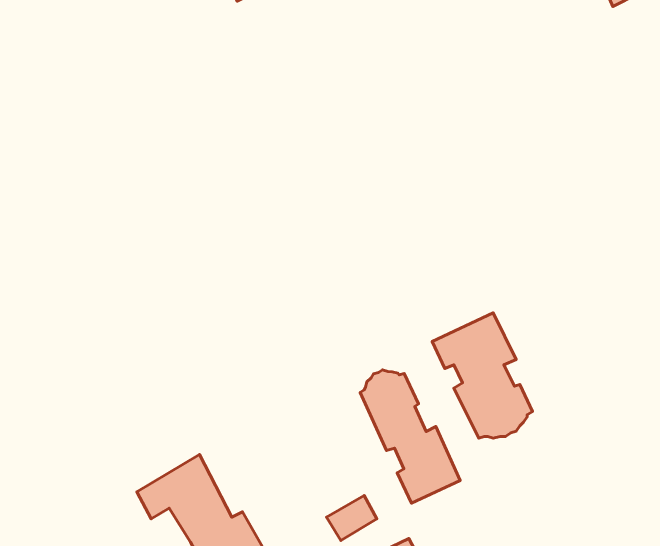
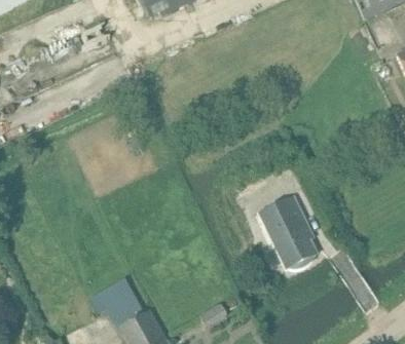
building: [360,370,460,503] -> none

